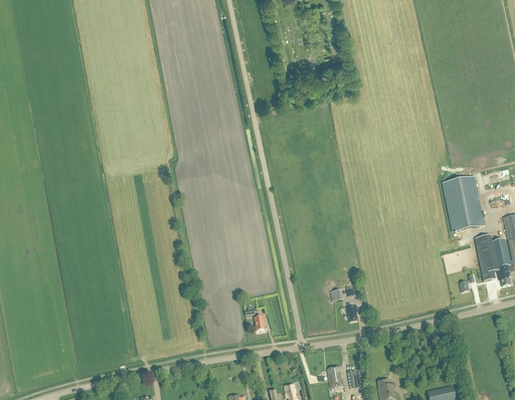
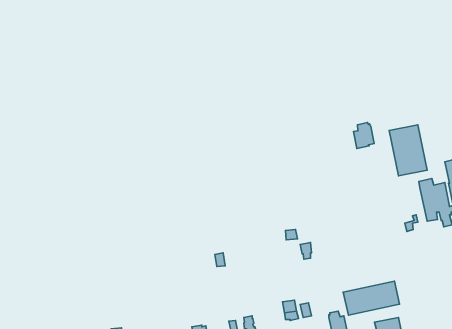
building: none -> [353,123,374,149]
building: none -> [343,281,400,315]

